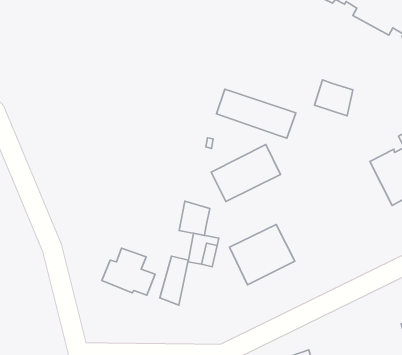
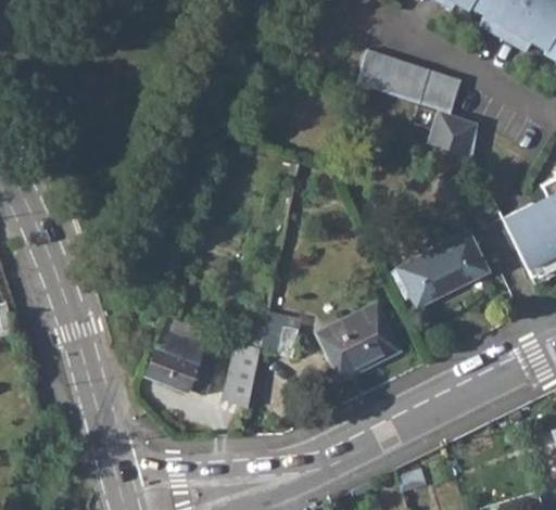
building: [217,89,296,138] -> [356,49,462,114]
building: [211,144,281,201] -> [395,231,488,307]
building: [179,201,210,235] -> none

